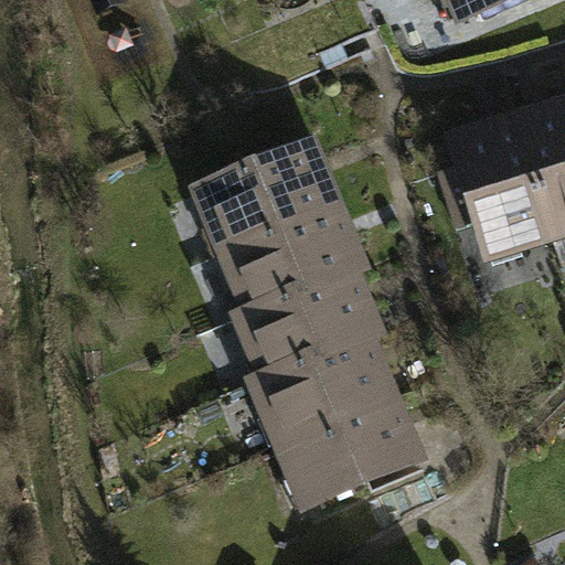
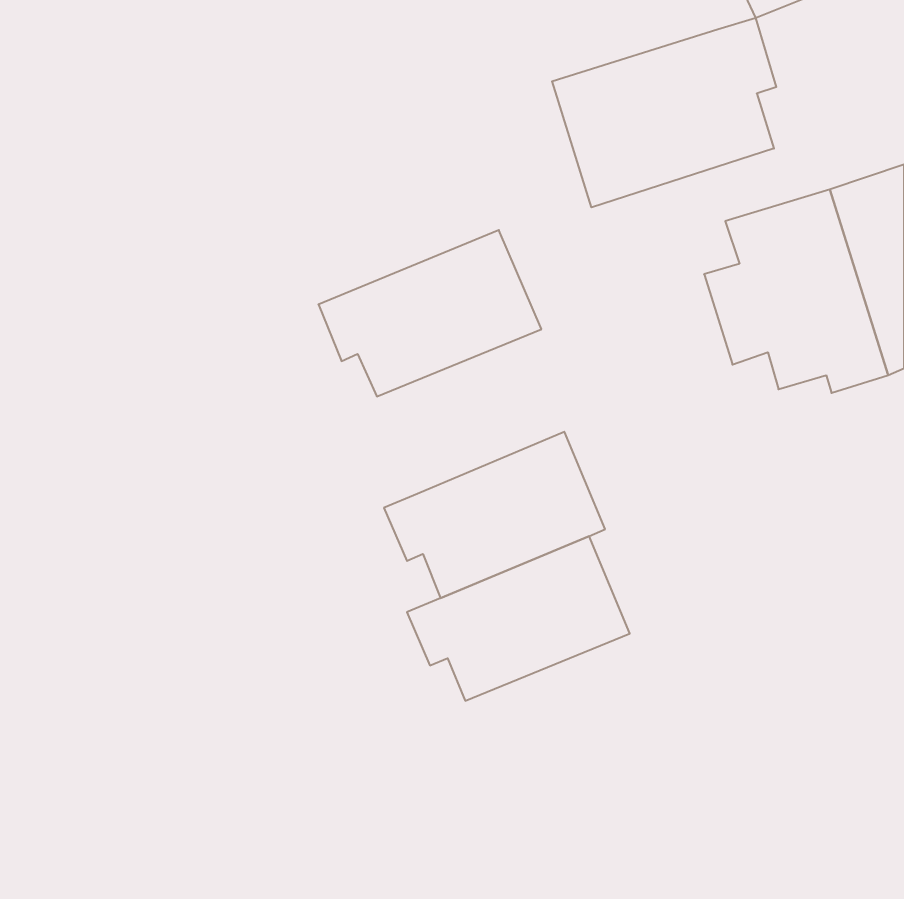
building: none -> [552,18,776,207]
building: [225,205,362,308] -> none
building: [280,395,418,499] -> none

